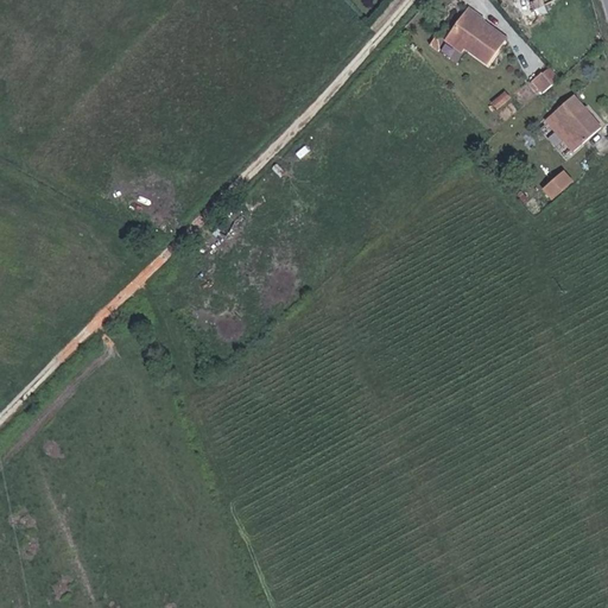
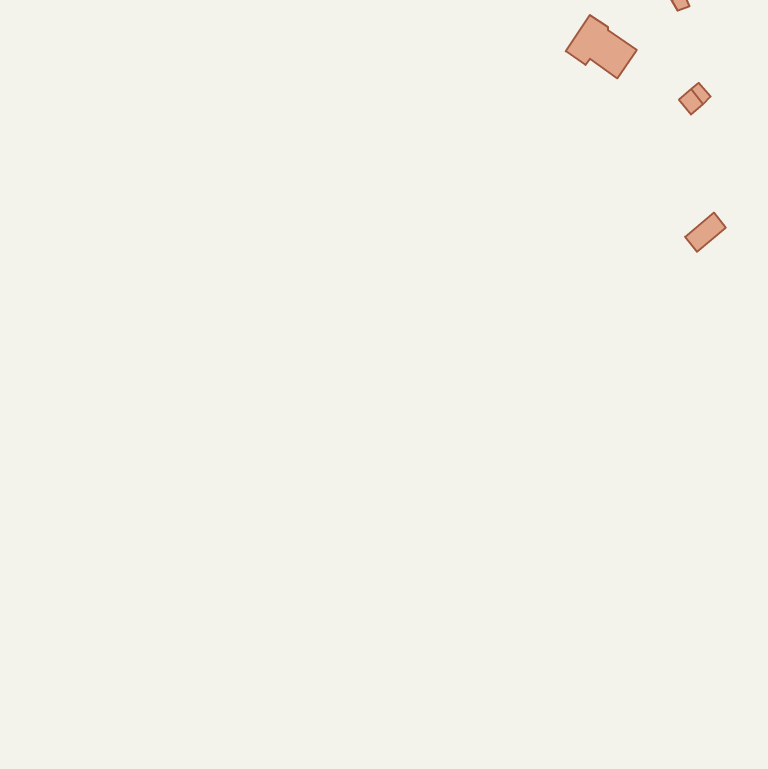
building: [550,101,595,148] -> none

